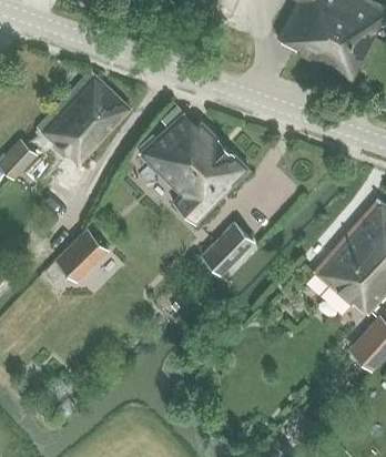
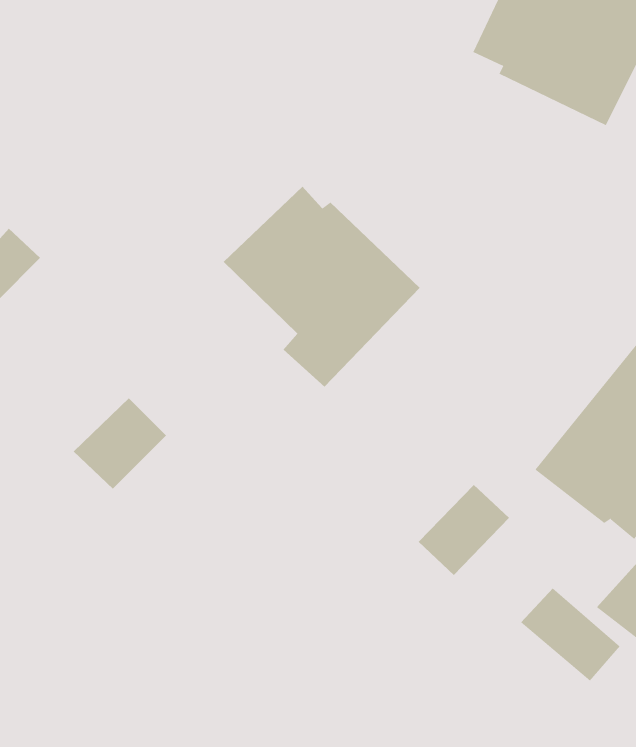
building: [34,69,132,164] -> none
building: [203,226,254,277] -> [418,484,510,576]
building: none -> [520,587,621,682]

